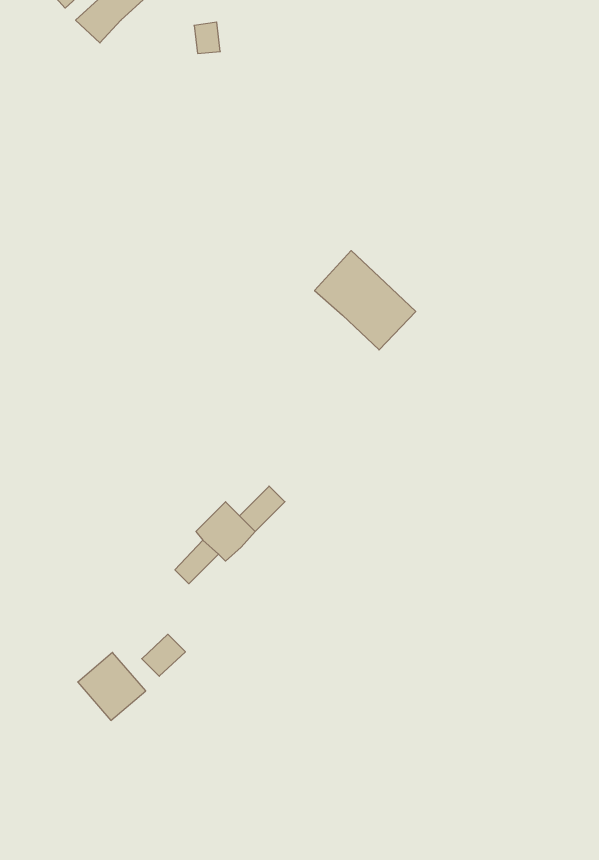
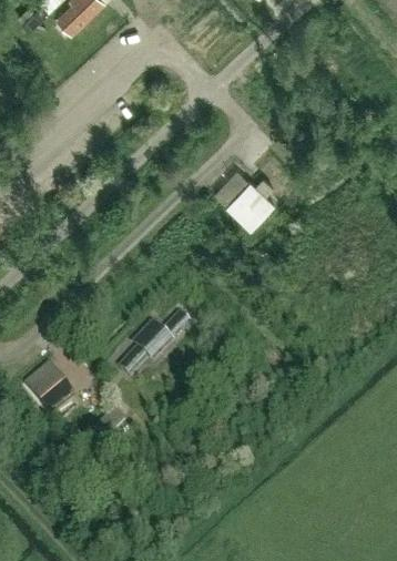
building: [78,652,146,720] -> [26,370,69,414]

